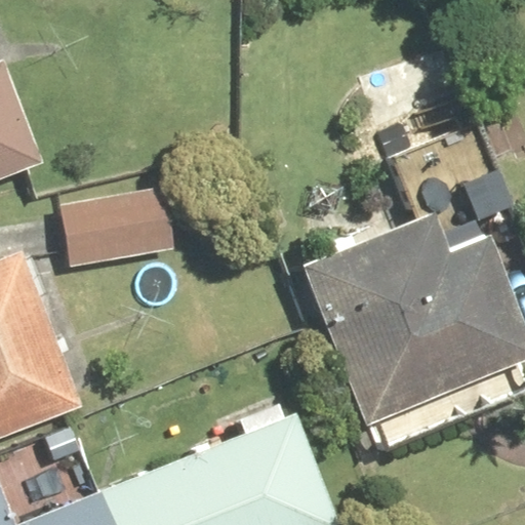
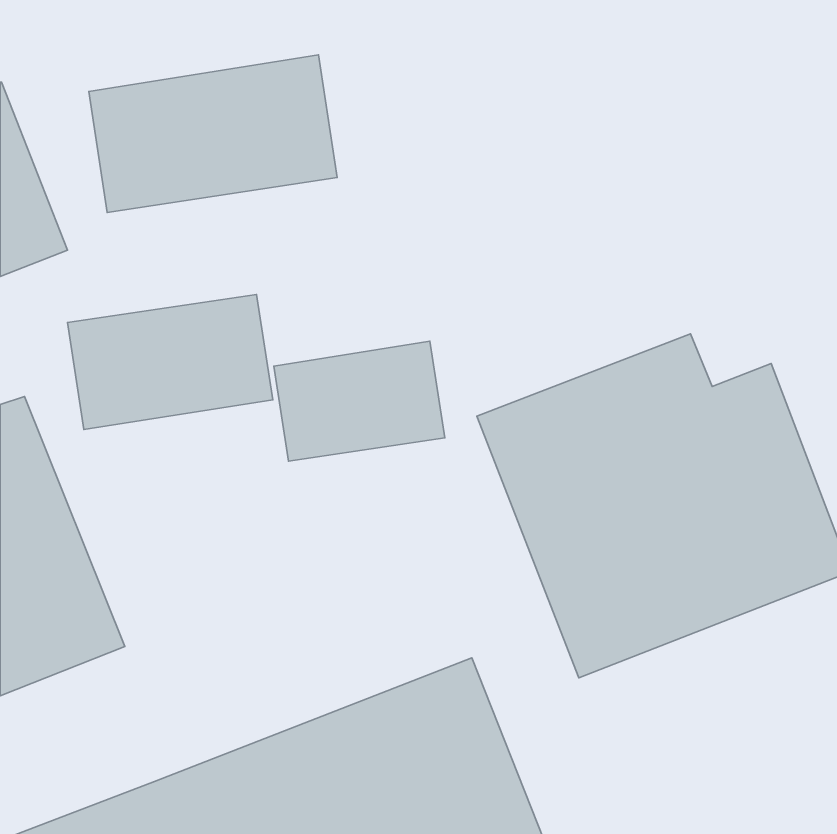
building: none -> [89,55,337,212]
building: none -> [274,341,445,461]

